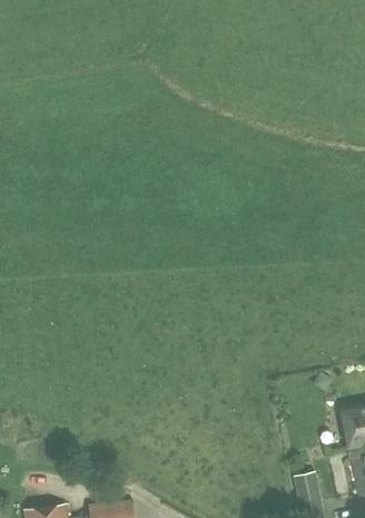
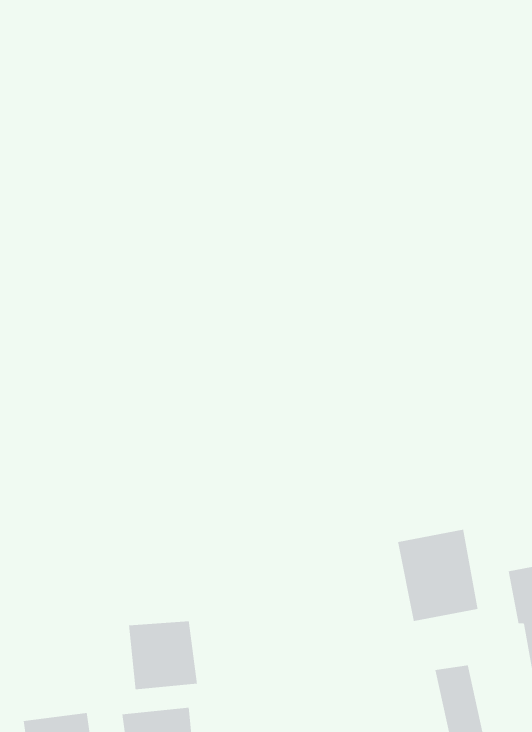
building: none -> [397,529,478,622]
building: none -> [129,621,197,690]

